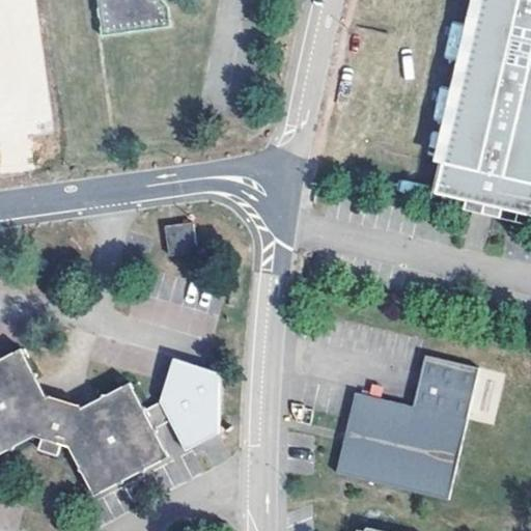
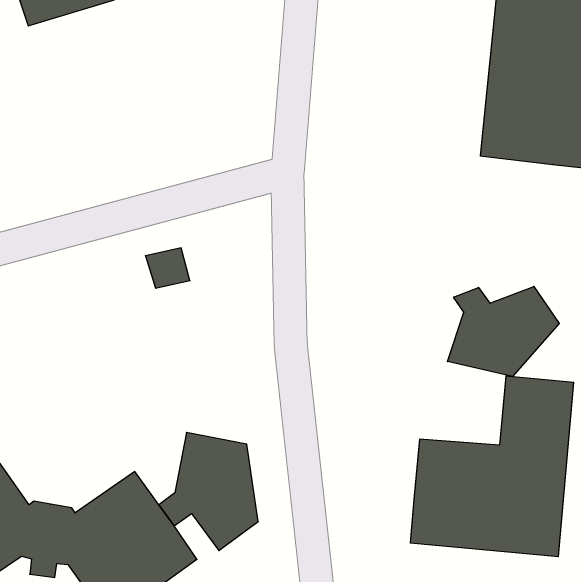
building: none -> [448,286,559,377]

